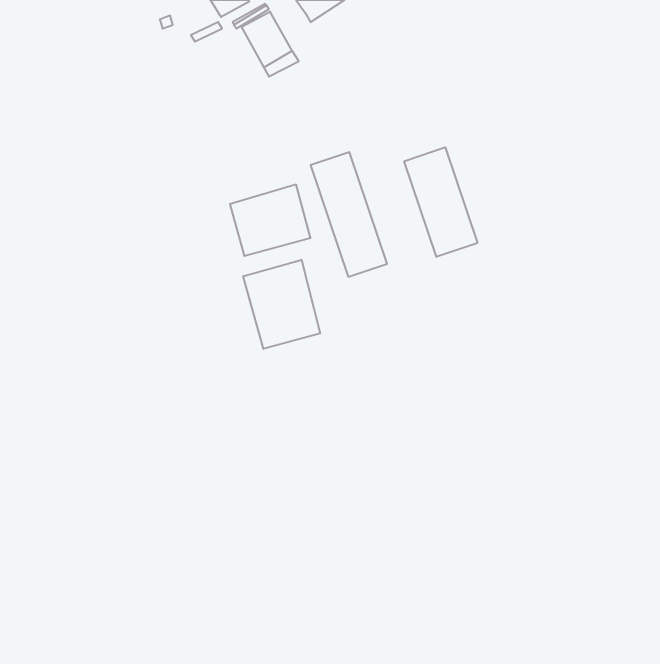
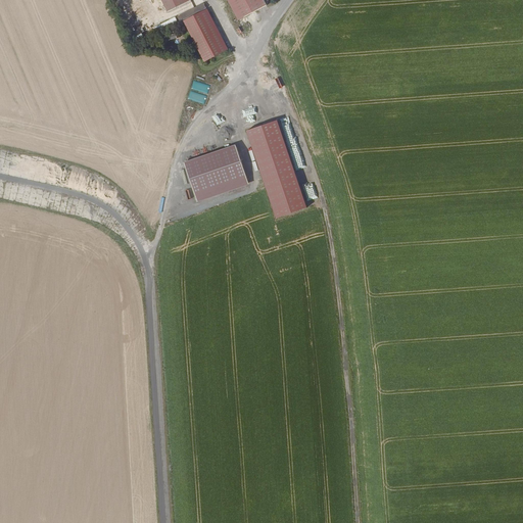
building: [404,147,477,257] -> none
building: [243,260,320,349] -> none

